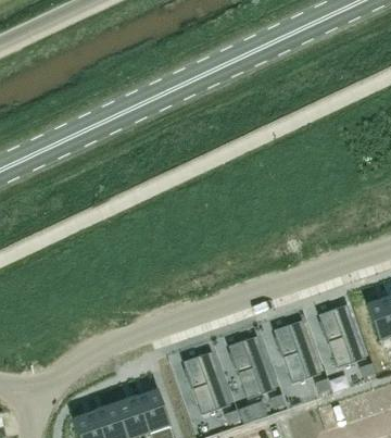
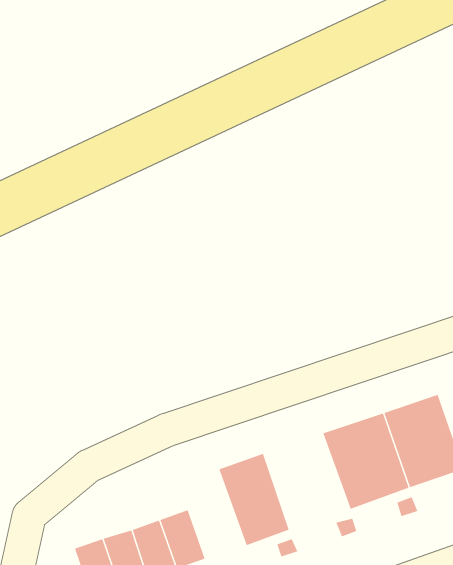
building: [215,330,280,403] -> none

